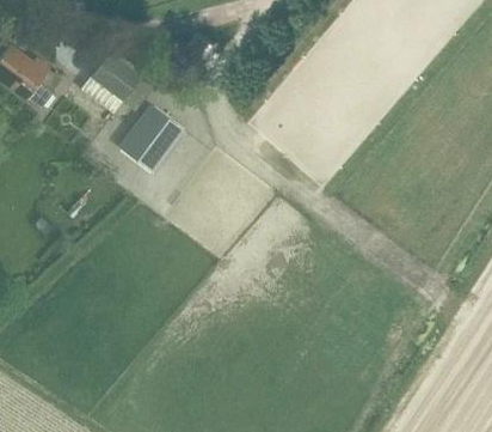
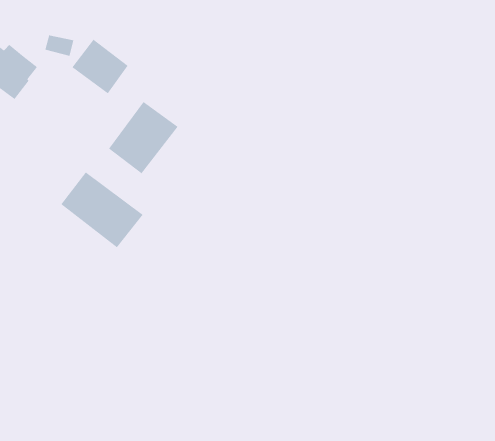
building: none -> [61,171,143,248]

